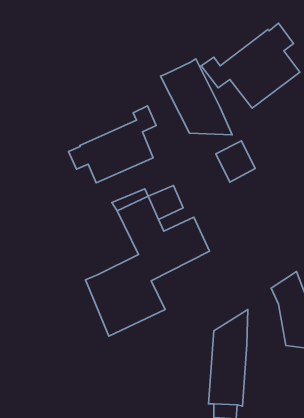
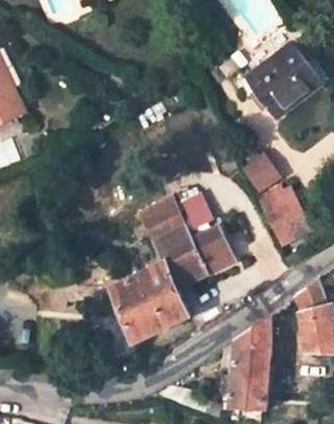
building: [161,59,232,135] -> none
building: [68,106,156,183] -> none
building: none -> [259,187,309,243]

